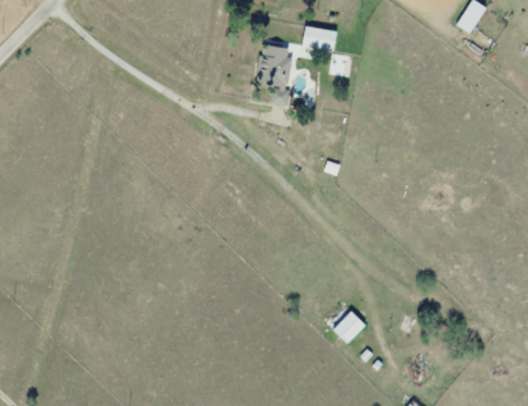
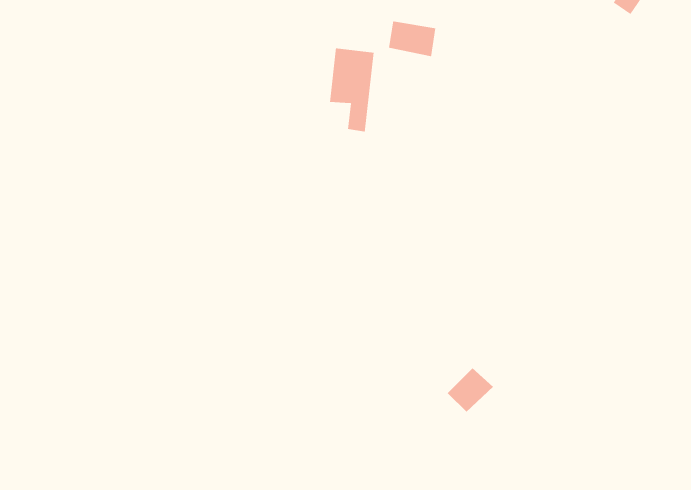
building: [332,310,366,343] -> [447,367,494,413]

